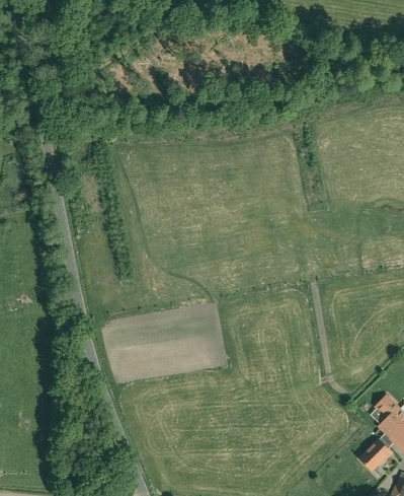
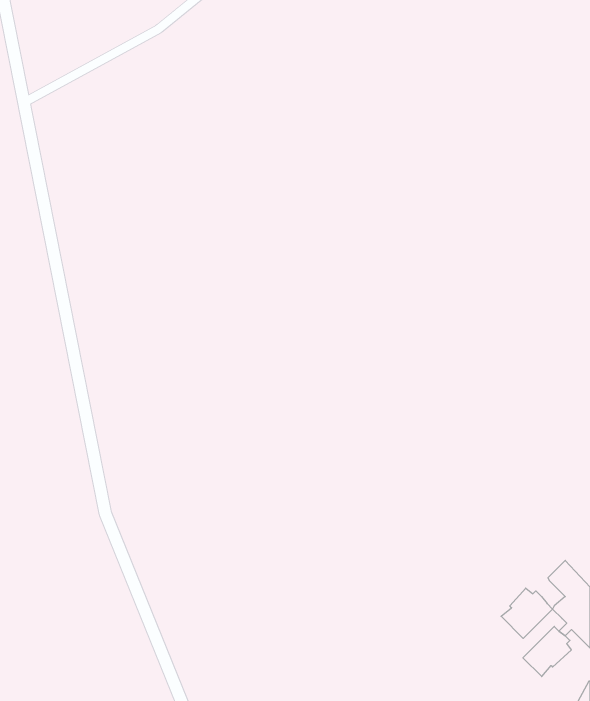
building: none -> [501,588,553,638]

